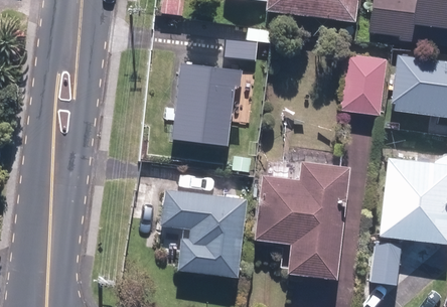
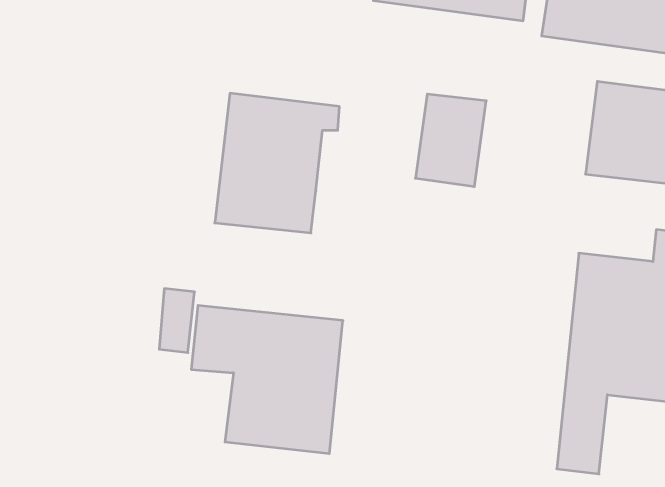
building: [342,57,385,113] -> [415,94,486,187]
building: [254,163,347,286] -> none

